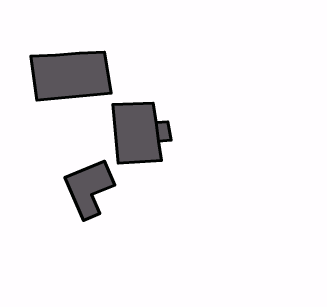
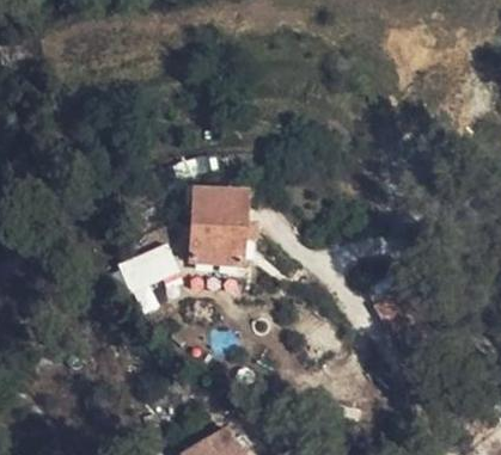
building: [31,52,111,100] -> none

